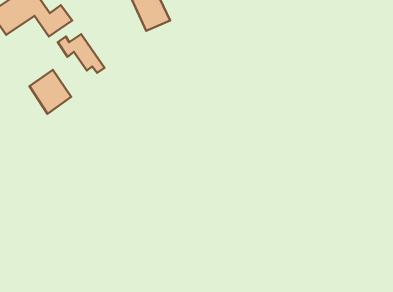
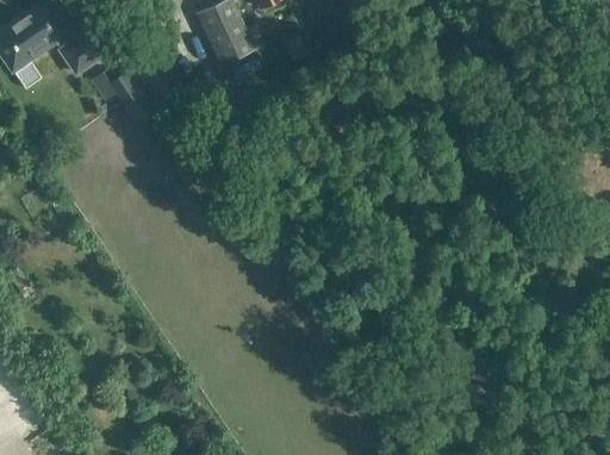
building: [29,70,71,114] -> none

